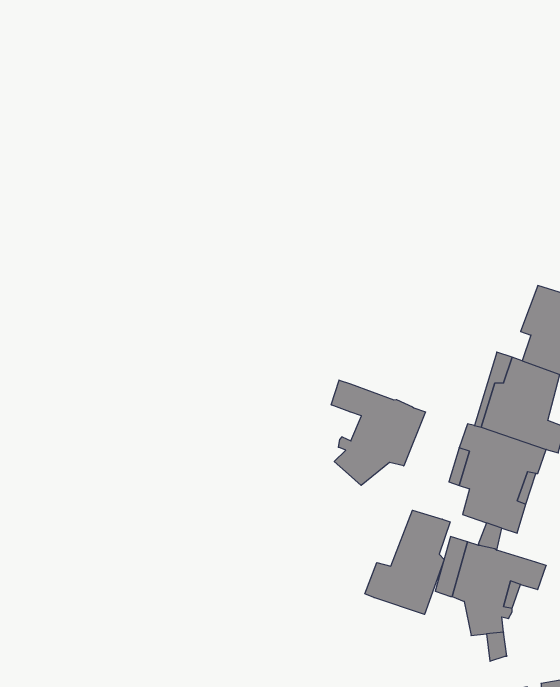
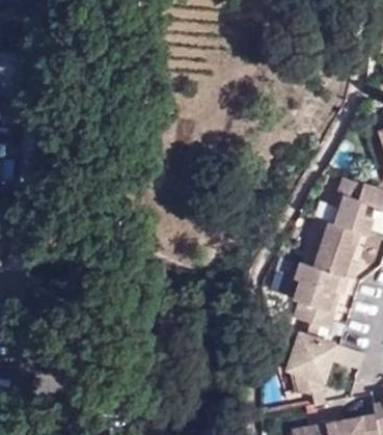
building: [331,380,425,485] -> none
building: [365,510,450,614] -> none

